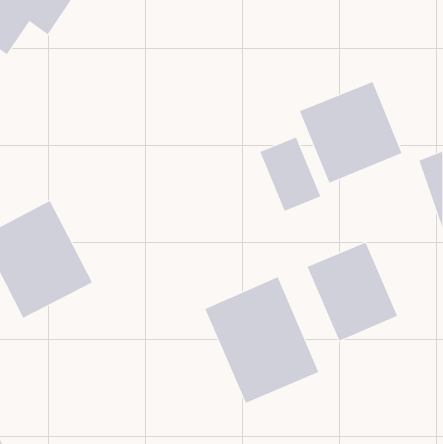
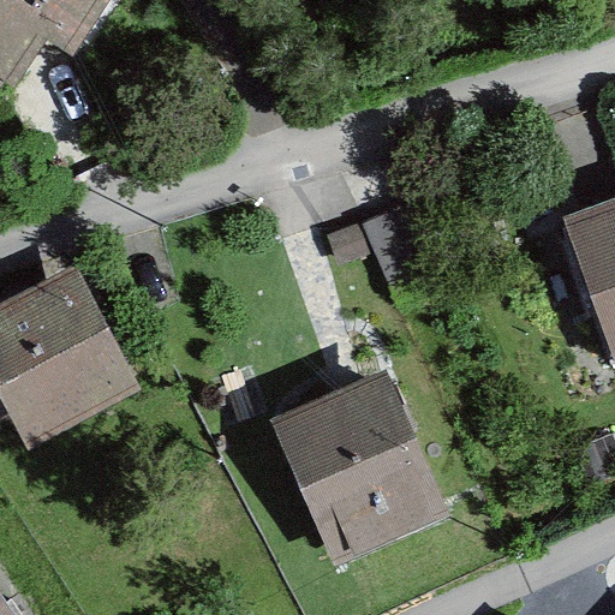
building: [299,81,402,184] -> none
building: [307,242,398,341] -> none

